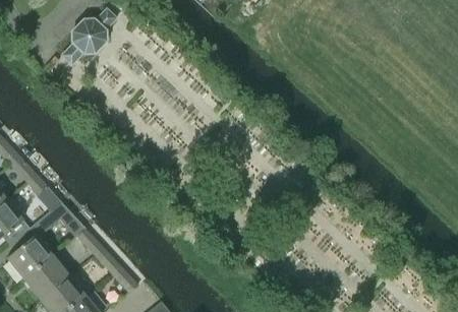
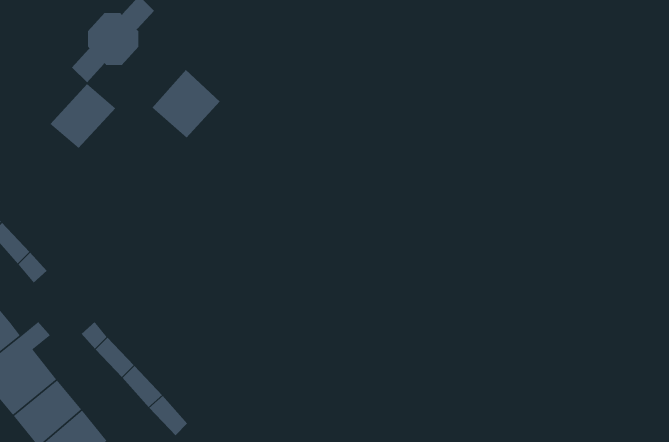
building: none -> [151,69,220,139]
building: none -> [49,83,116,149]

